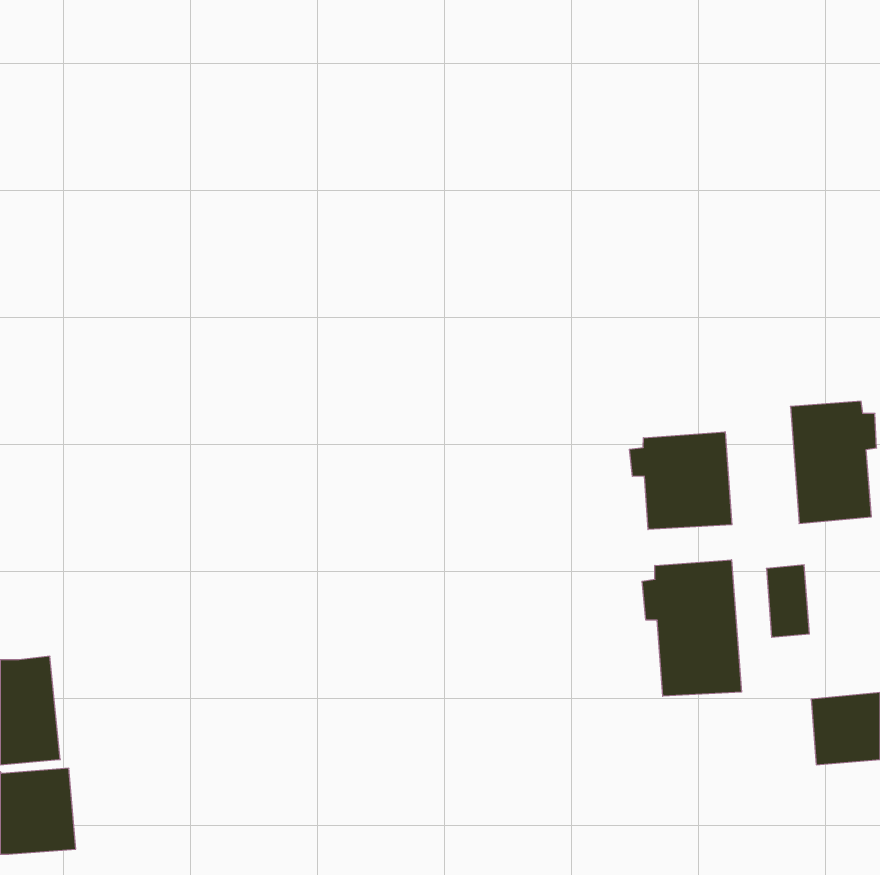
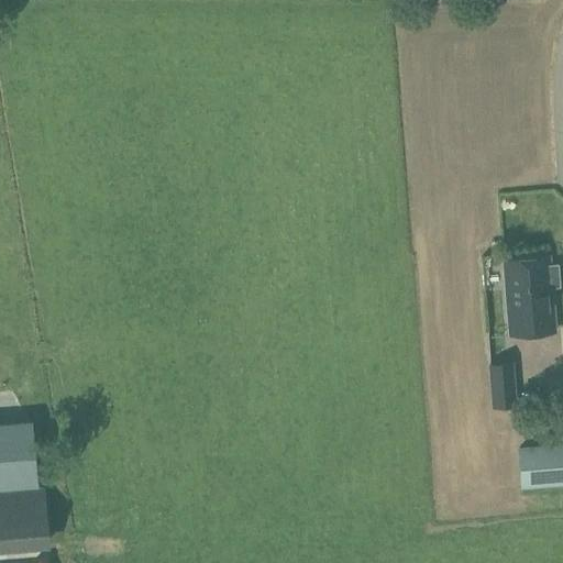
building: [629,432,732,530] -> none
building: [642,560,741,696] -> none

